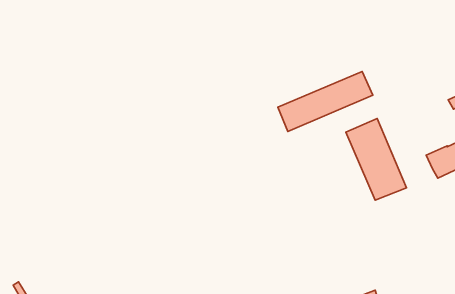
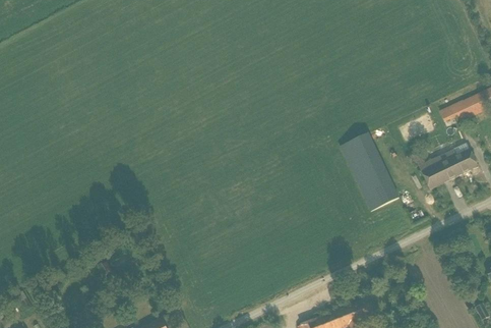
building: [278,72,373,131] -> none

